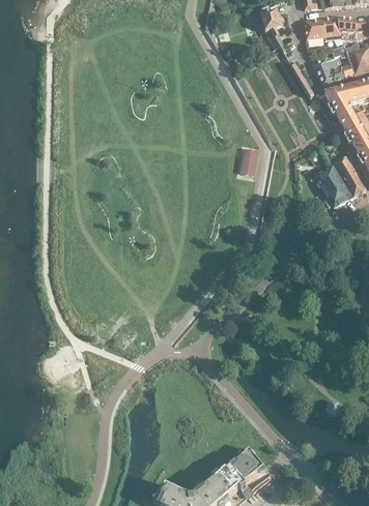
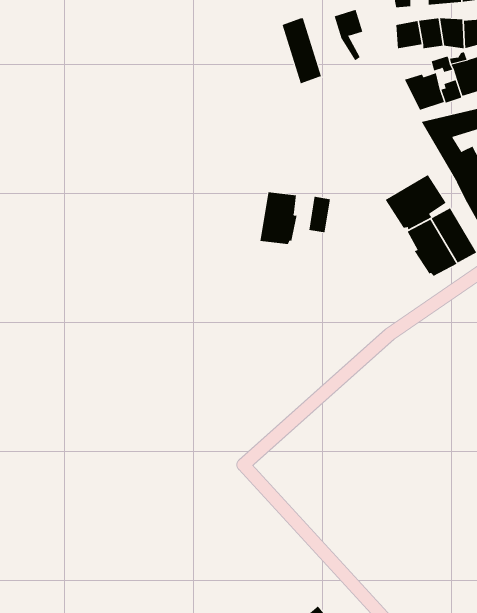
building: none -> [282,18,322,84]
building: none -> [385,174,446,230]
building: none -> [260,191,297,245]

